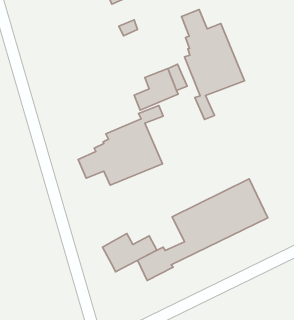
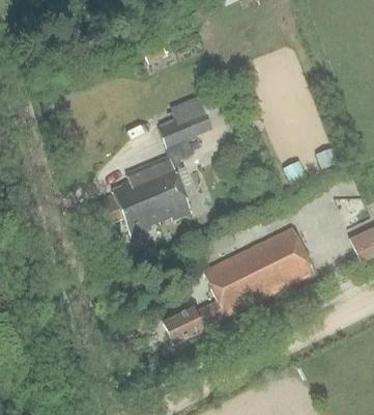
building: [182,9,245,120] -> none
building: [102,234,157,272] -> none

